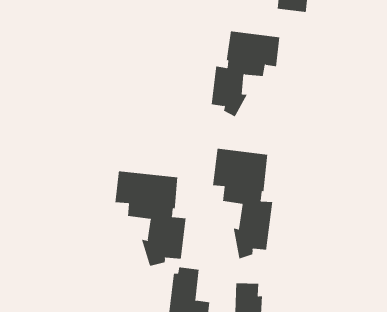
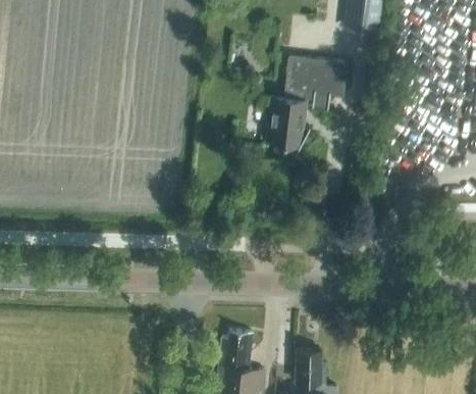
building: [212,148,273,262] -> none
building: [115,170,186,269] -> none

